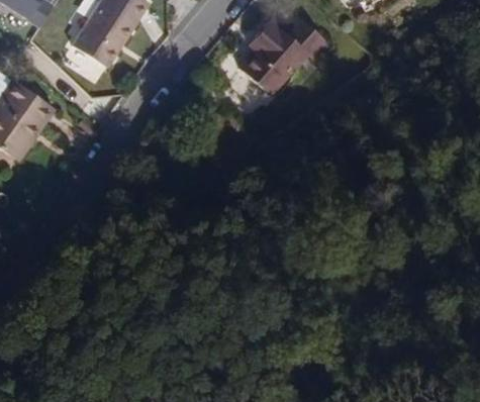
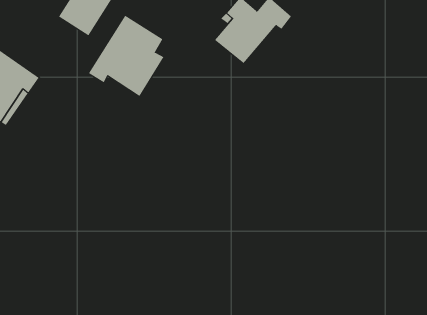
building: none -> [88,15,164,97]

